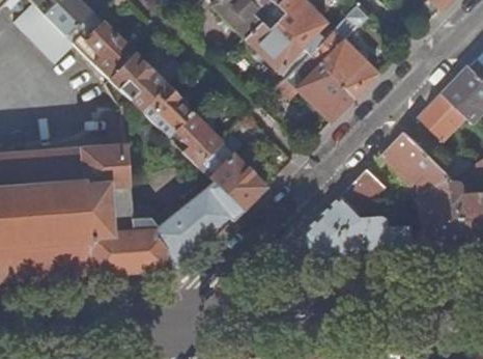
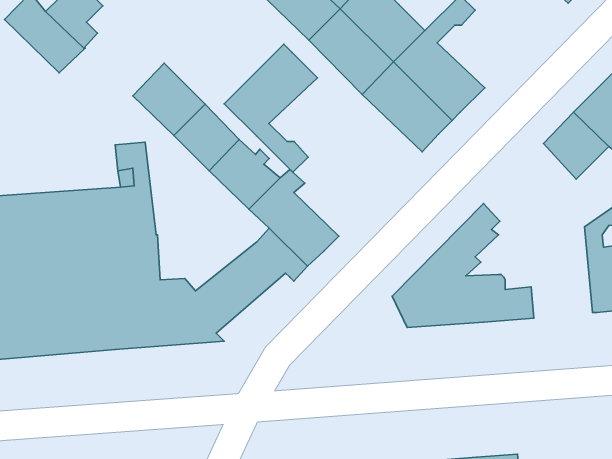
building: [72,19,133,80] -> none
building: none -> [224,44,317,172]
building: [381,132,458,248] -> none

